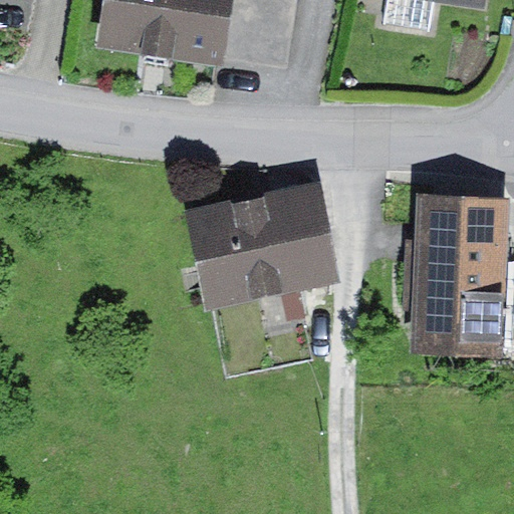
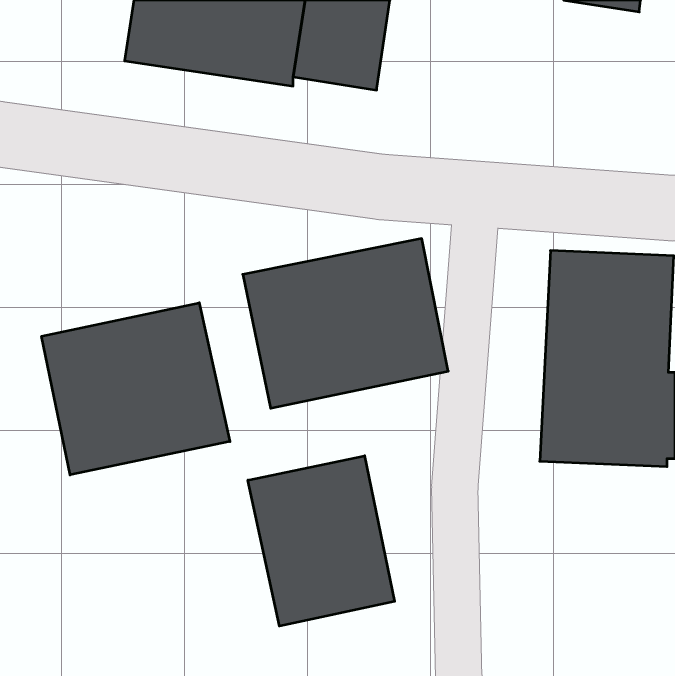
building: none -> [42,303,230,475]
building: none -> [248,456,395,626]

